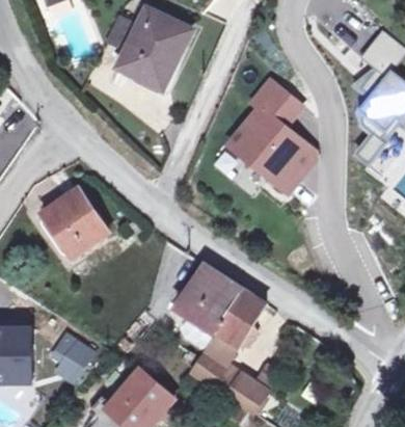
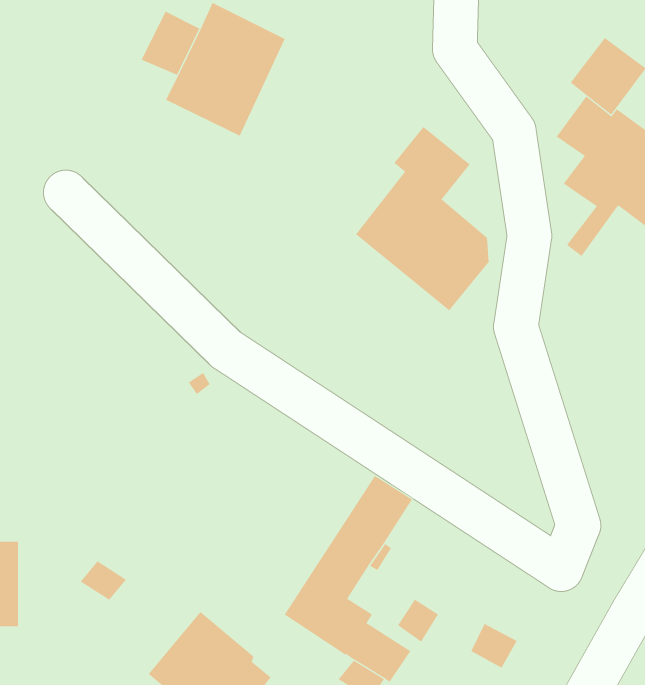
building: [40,187,108,257] -> none
building: [178,264,242,330] -> none

